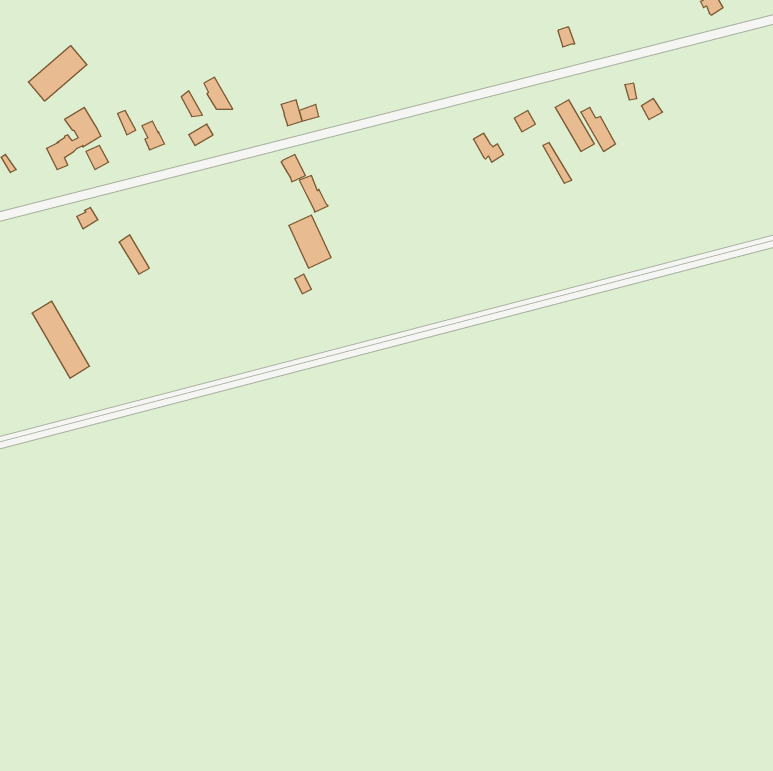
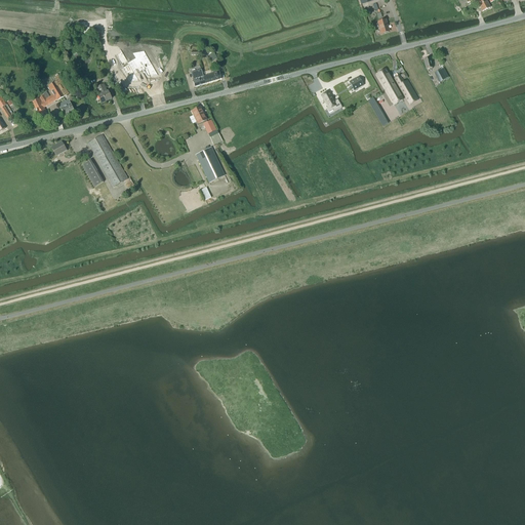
building: [28,46,87,101] -> none
building: [32,301,90,378] -> [88,133,127,186]

